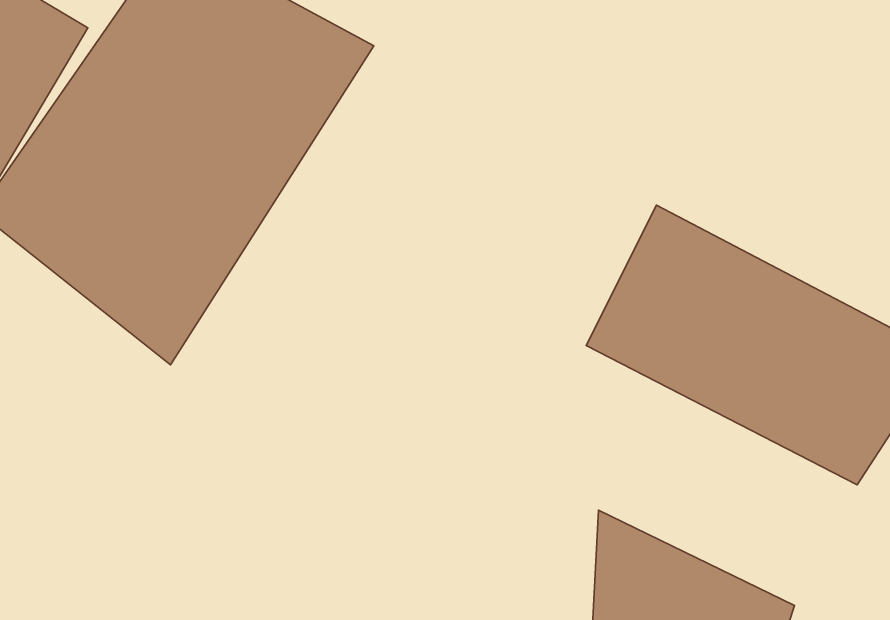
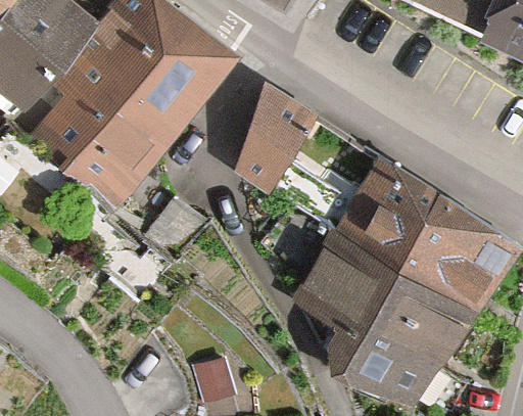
building: none -> [239,79,312,197]
building: none -> [297,223,474,373]

